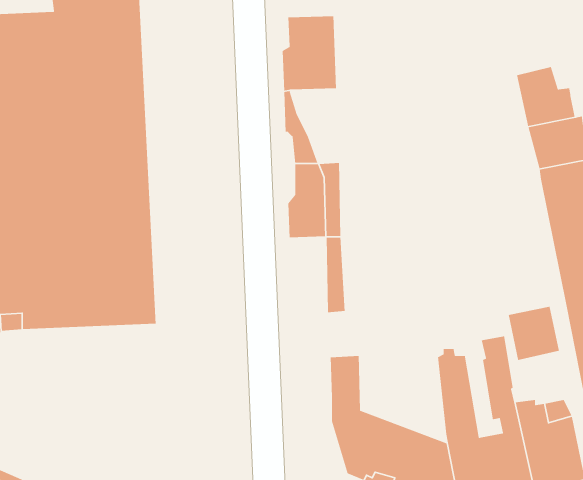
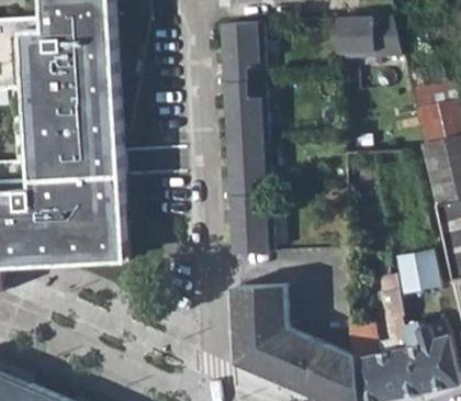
building: none -> [338,16,402,58]
building: none -> [229,79,268,137]
building: none -> [228,194,258,254]
building: none -> [233,288,273,379]

